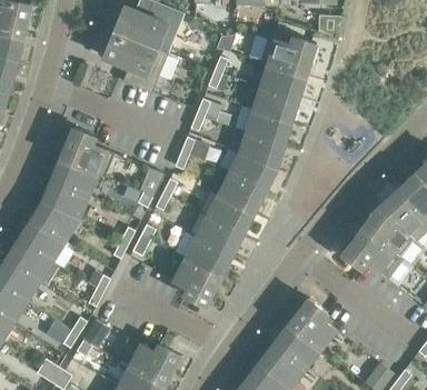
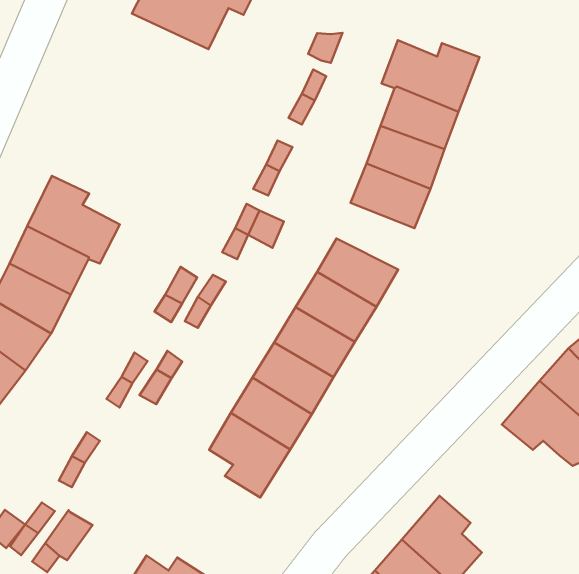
building: [102,31,167,91] -> none
building: [239,132,284,169] -> none

